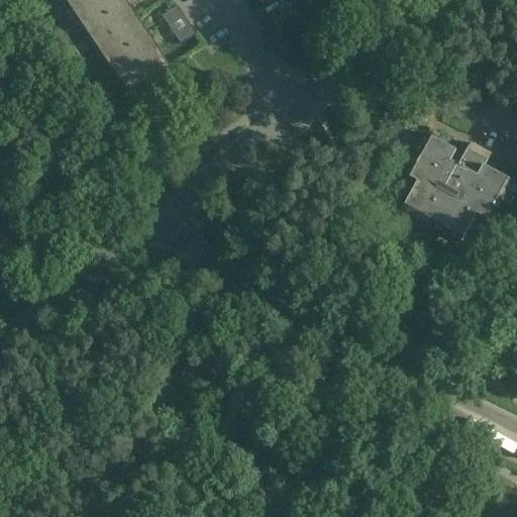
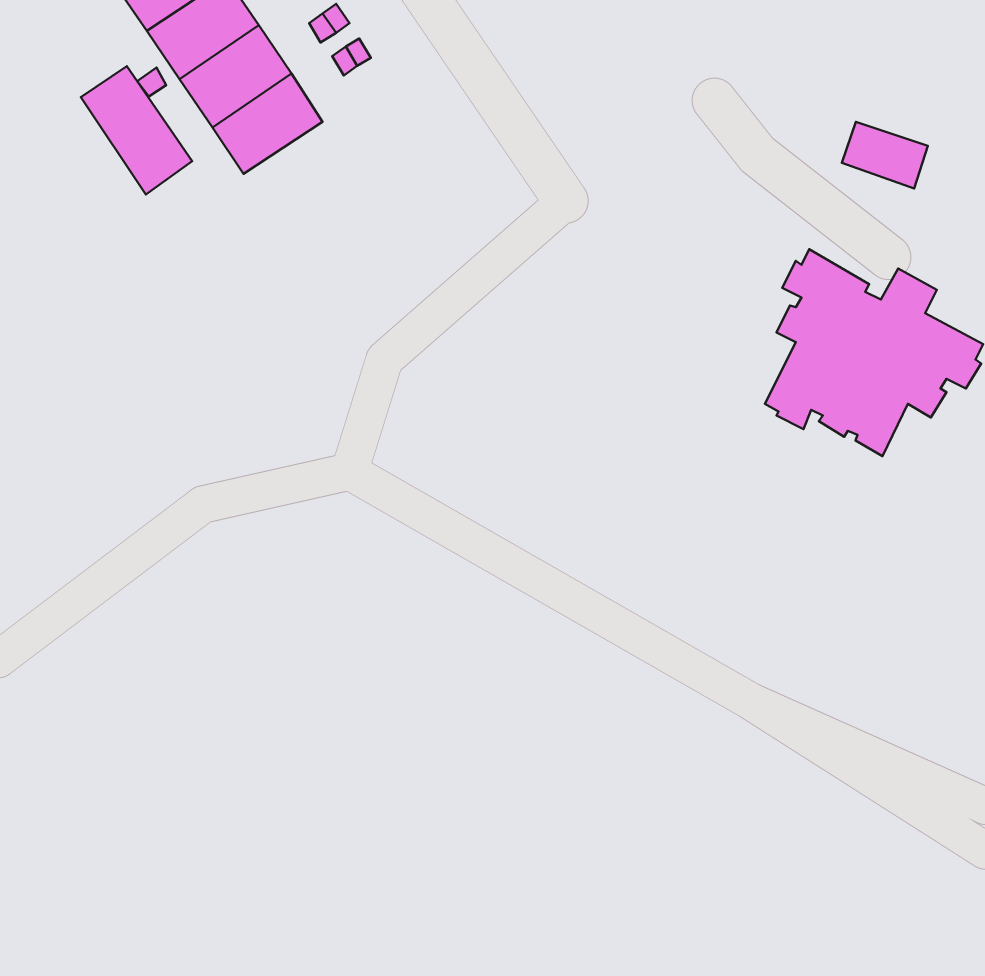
building: none -> [81,66,192,194]
building: none -> [842,122,928,188]

